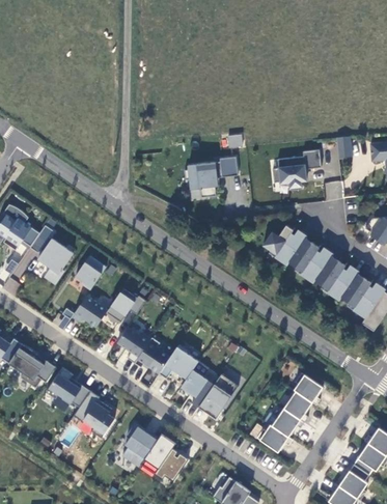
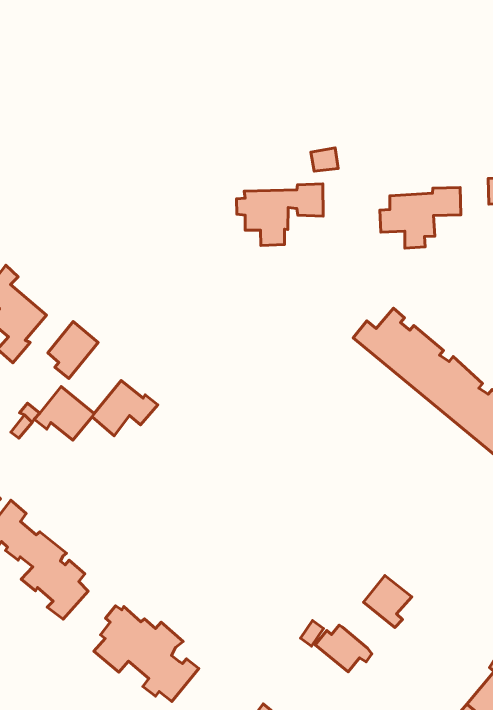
building: [117,326,239,418] -> none
building: [295,371,324,404] -> none
building: [273,408,305,436] -> none

